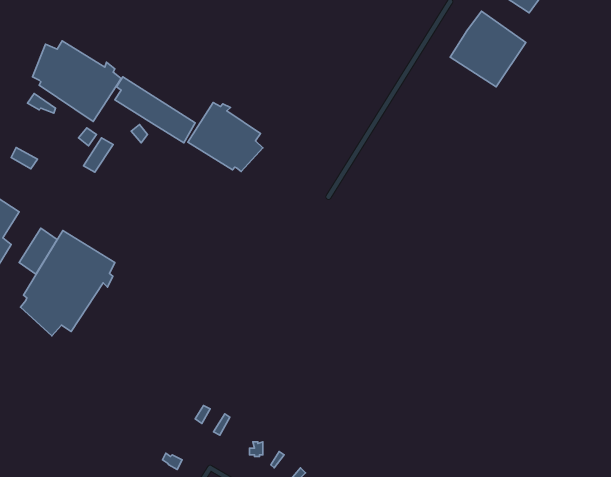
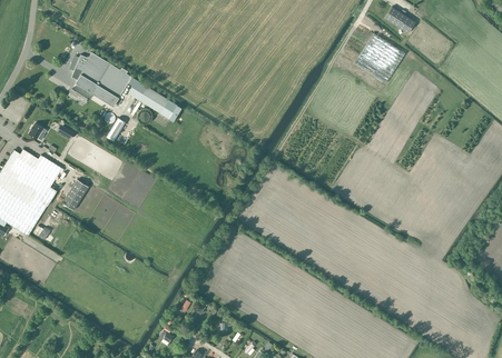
building: [188,103,263,172] -> none
building: [21,230,115,336] -> none

